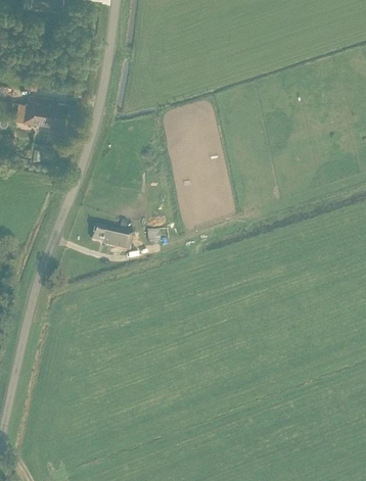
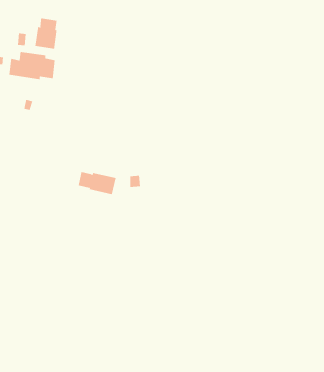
building: none -> [35,17,57,50]

